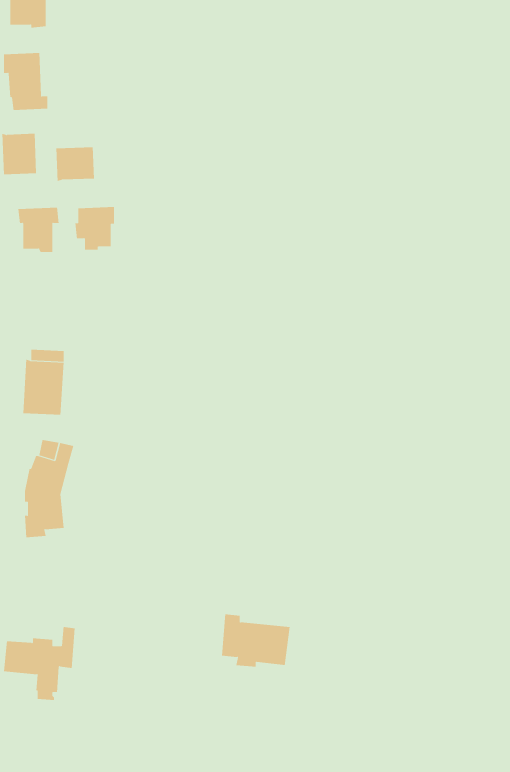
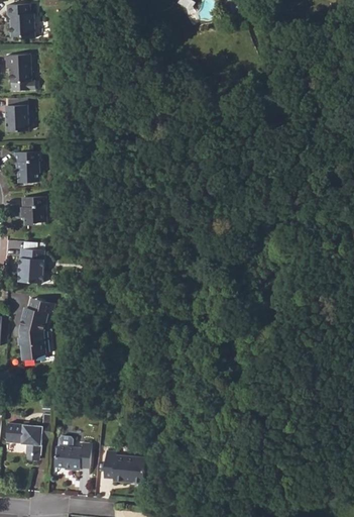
building: [56,146,94,182] -> none
building: [74,207,115,250] -> [20,196,45,223]
building: [221,614,290,667] -> [105,449,148,483]
building: none -> [54,435,92,470]

